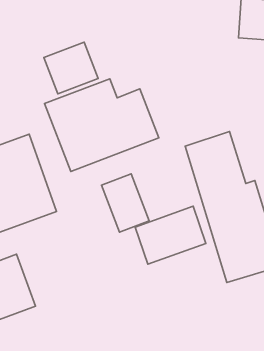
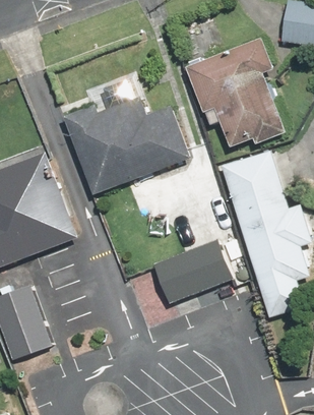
building: none -> [183,37,285,152]
building: [44,42,98,94] -> none
building: [101,174,149,232] -> none

